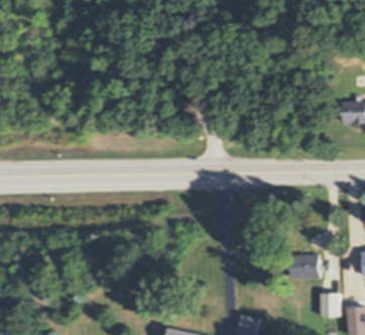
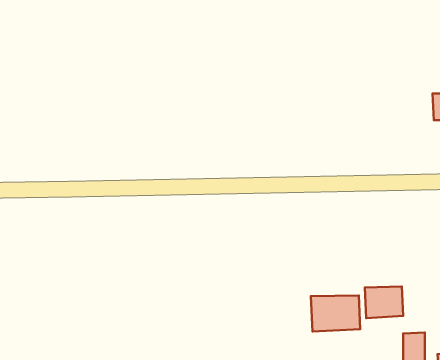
building: none -> [311,295,360,332]

